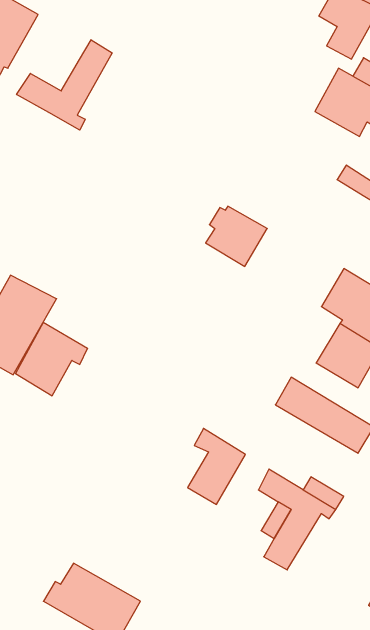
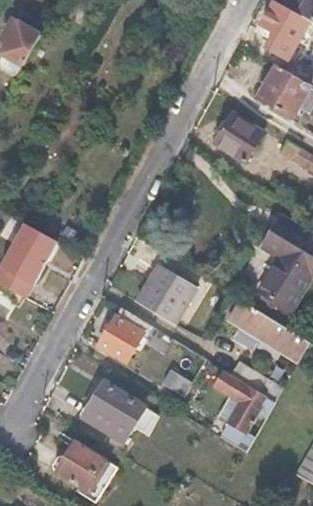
building: [17,40,112,130] -> none
building: [206,206,267,266] -> [215,113,262,159]
building: [15,322,88,396] -> [98,306,153,362]
building: none -> [136,267,194,324]
building: none -> [82,381,146,442]

